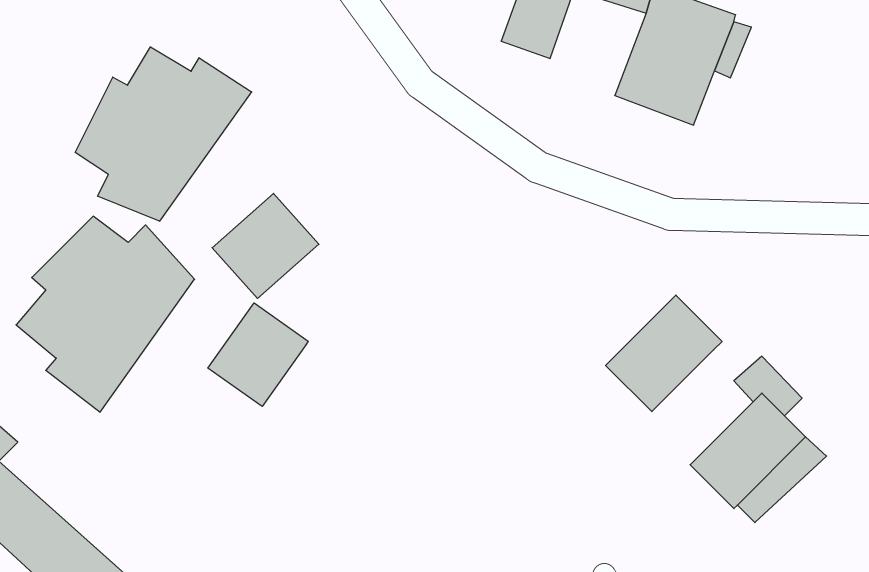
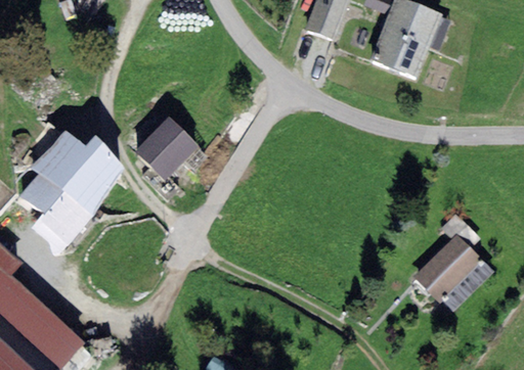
building: [75,47,252,221] -> none
building: [606,295,722,412] -> none
building: [208,303,308,406] -> none

